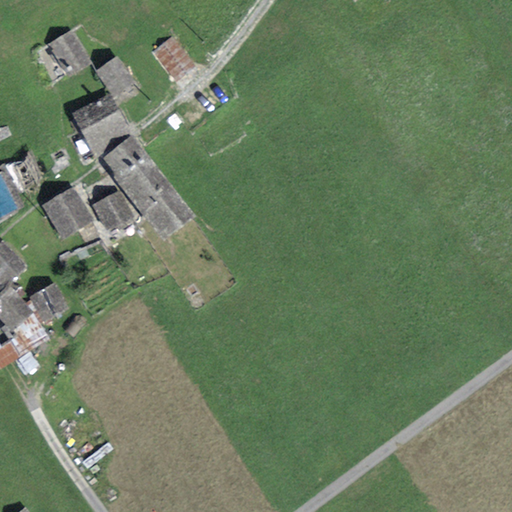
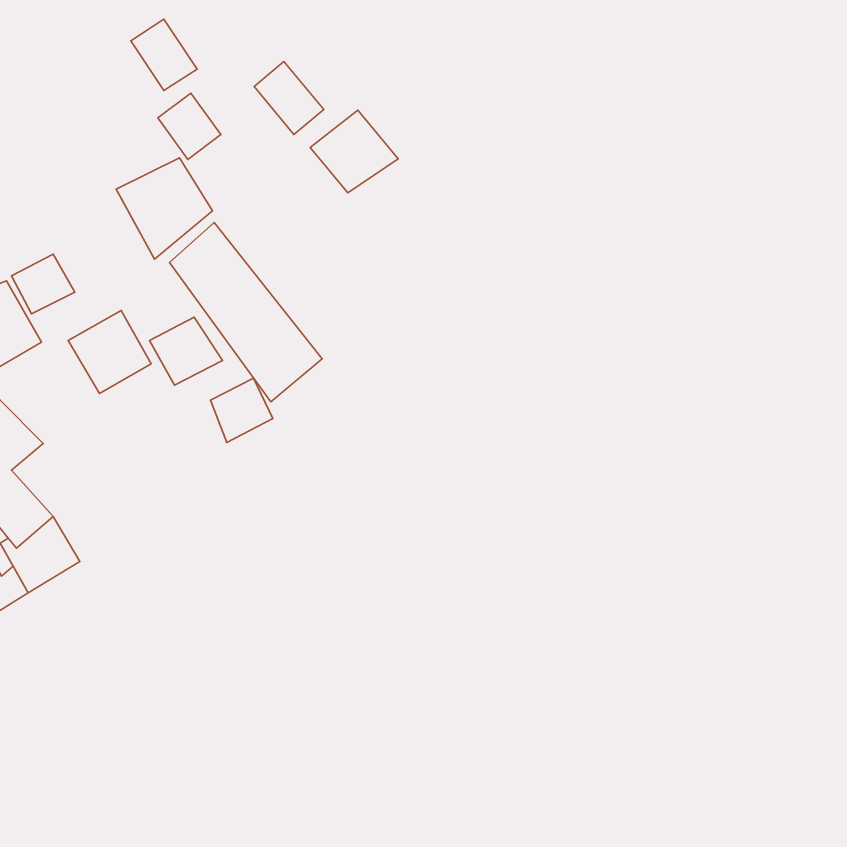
building: [48,31,88,74] -> [131,19,197,91]
building: none -> [310,110,398,193]
building: none -> [211,378,273,442]
building: [28,281,67,319] -> none

